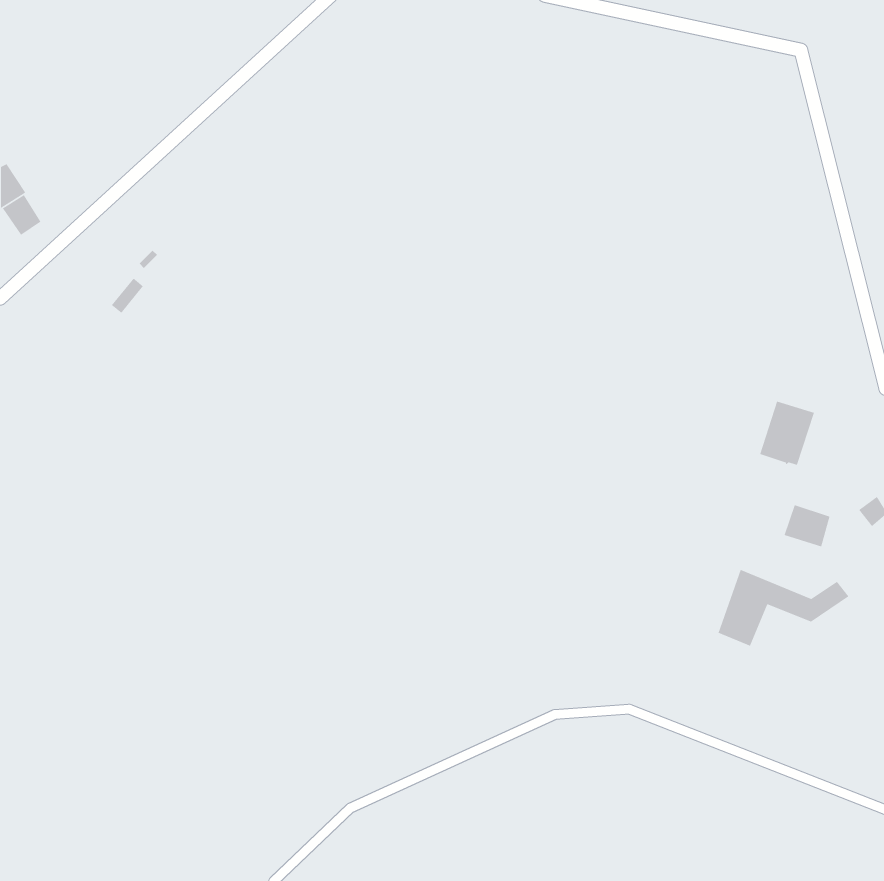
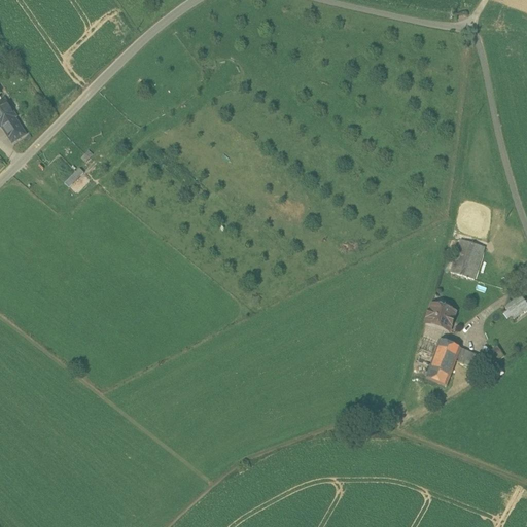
building: [784,504,830,548] -> [427,303,455,328]

